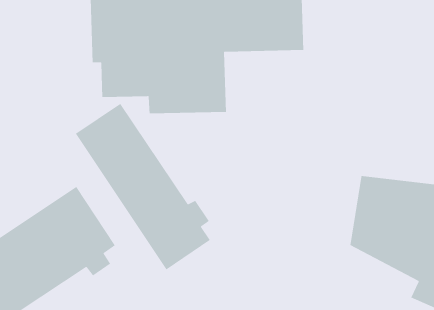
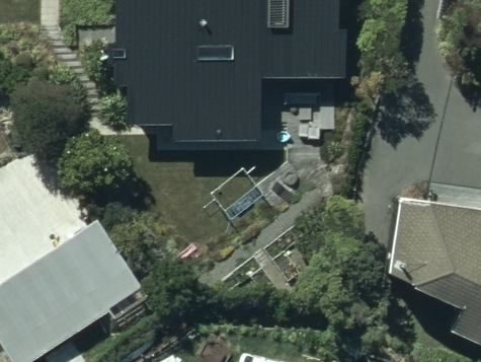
building: [75,103,211,270] -> none

